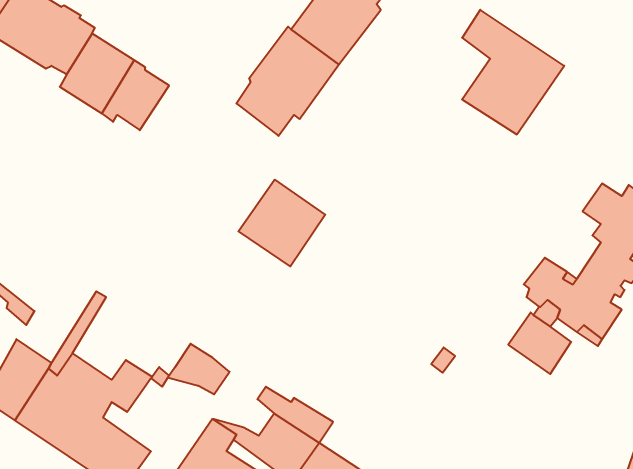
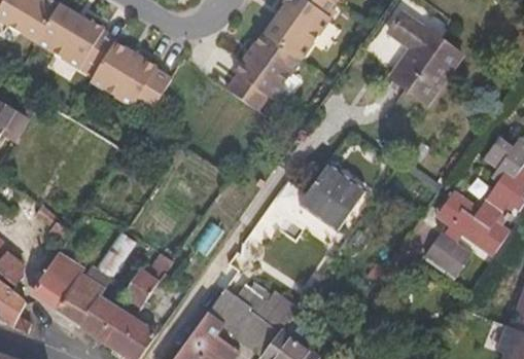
building: [238,180,325,266] -> [299,166,362,229]
building: [168,344,230,394] -> [204,291,249,328]

